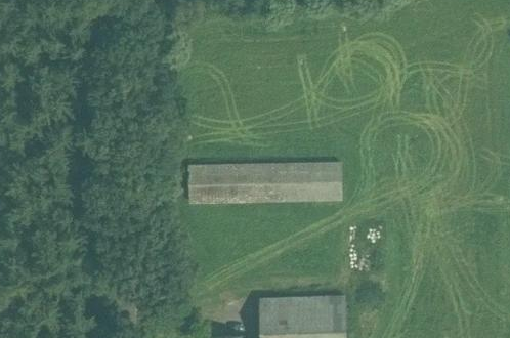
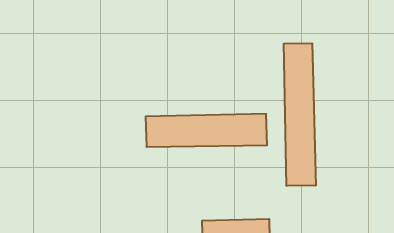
building: none -> [284,43,316,186]

